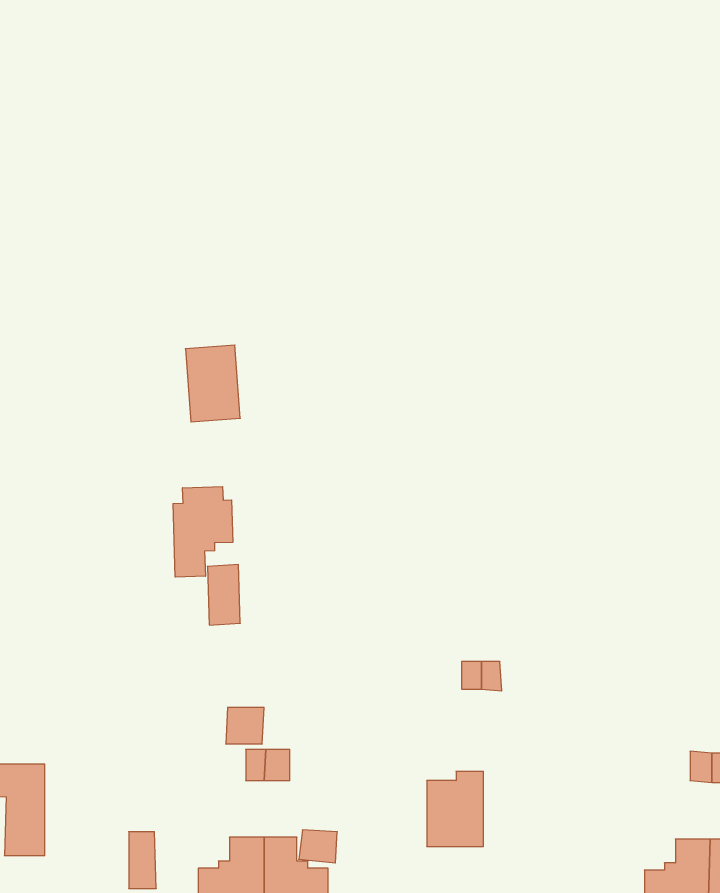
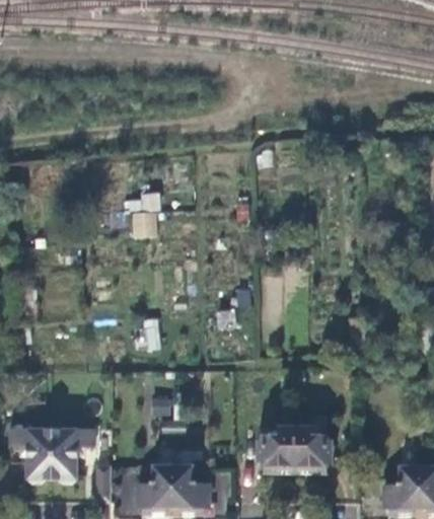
building: [173,487,233,577] -> none
building: none -> [52,426,90,477]
building: none -> [295,430,326,471]

